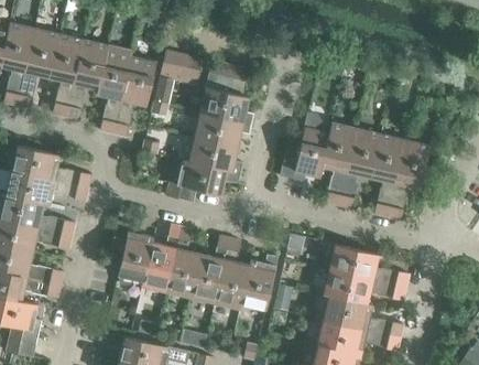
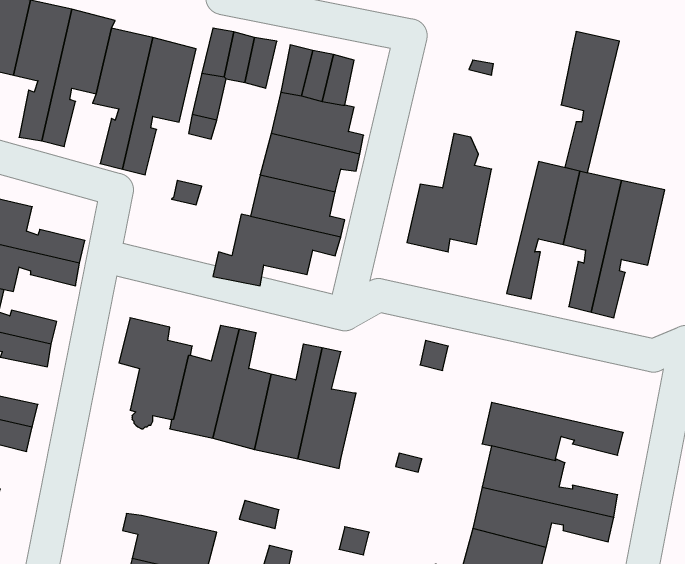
building: [323,122,357,205] -> [561,32,619,173]
building: [329,244,410,287] -> none
building: [241,254,279,308] -> none

